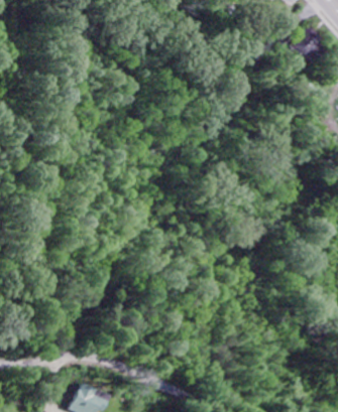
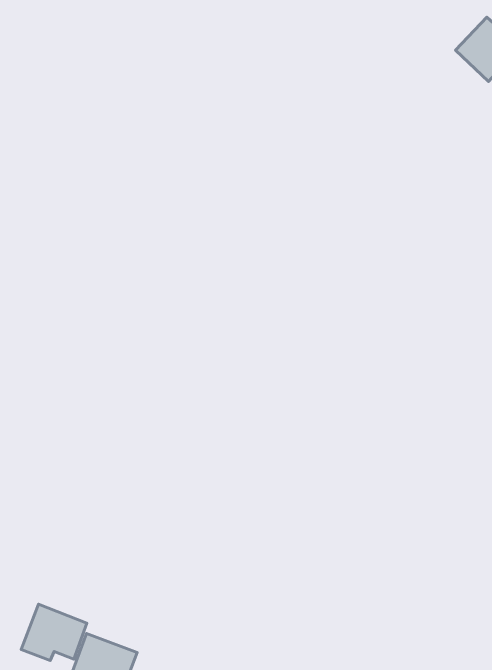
building: none -> [21,604,87,661]

